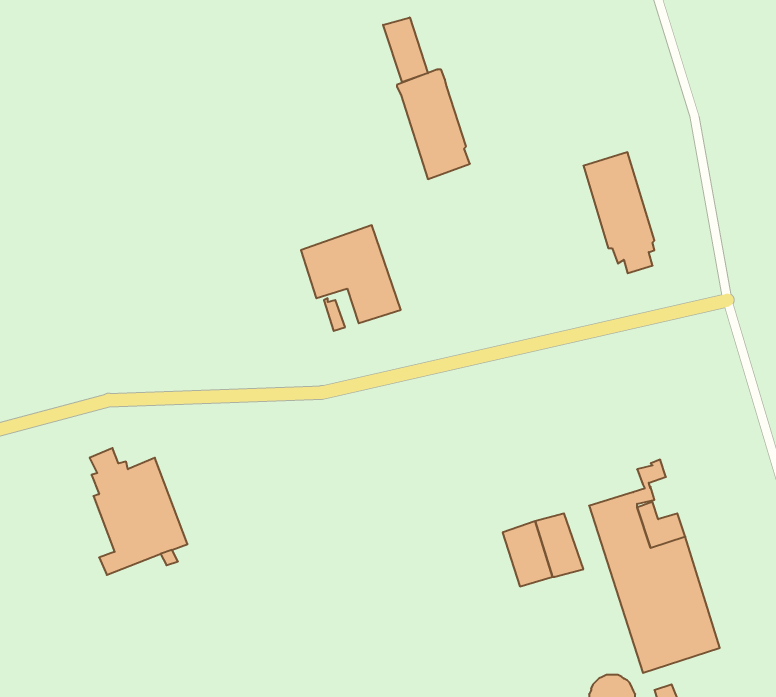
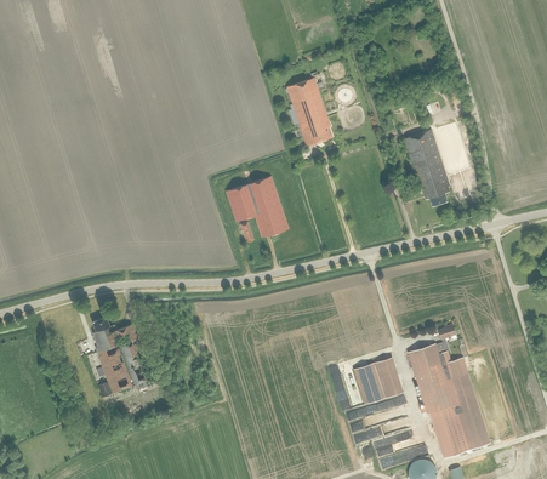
building: [383,17,428,82] -> none

